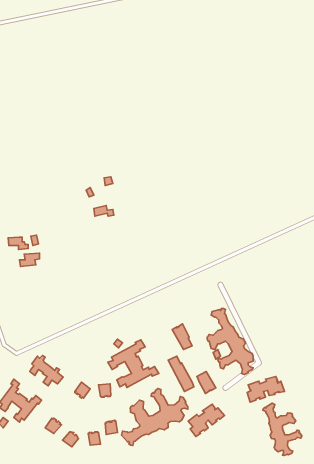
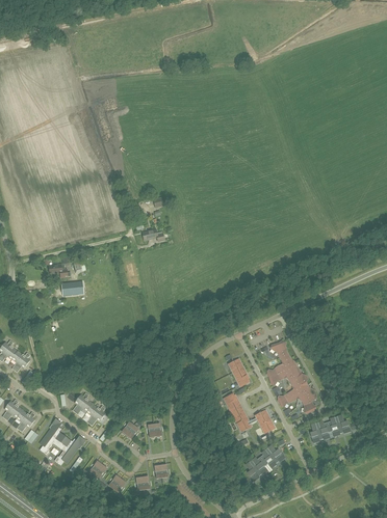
building: [108,340,159,387] -> none
building: [122,388,188,446] -> none
building: [263,403,302,456] -> none

